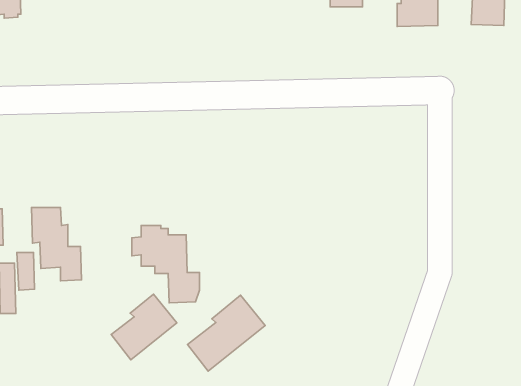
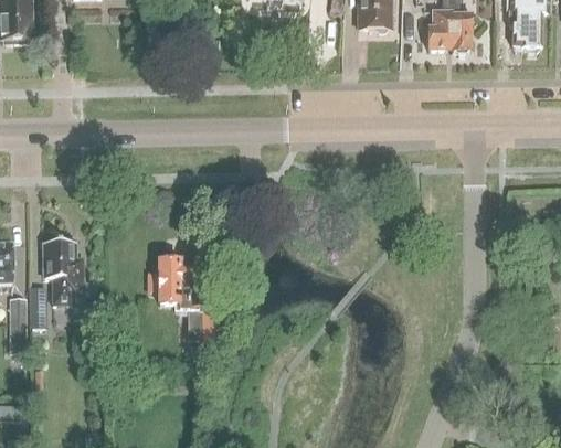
building: [111,294,177,360] -> none
building: [188,295,265,371] -> none

